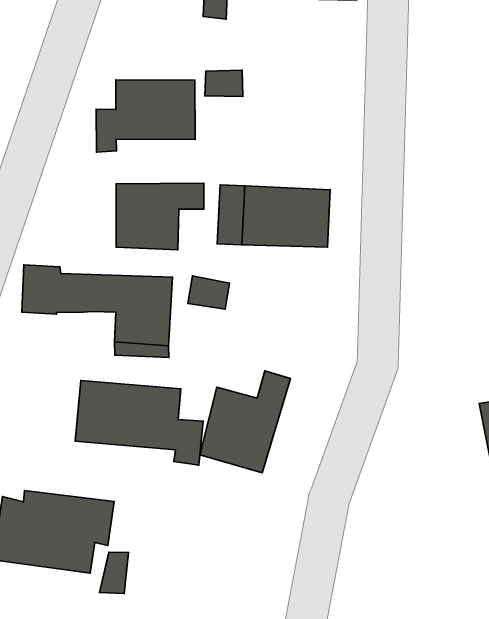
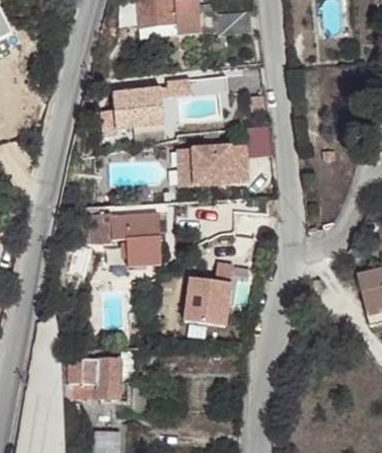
building: [116,183,204,250] -> none
building: [75,380,203,465] -> none

